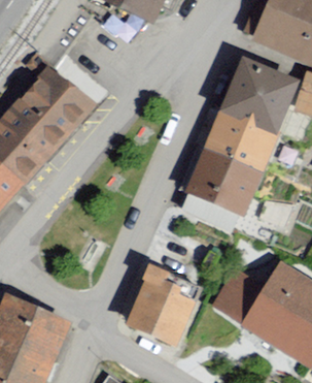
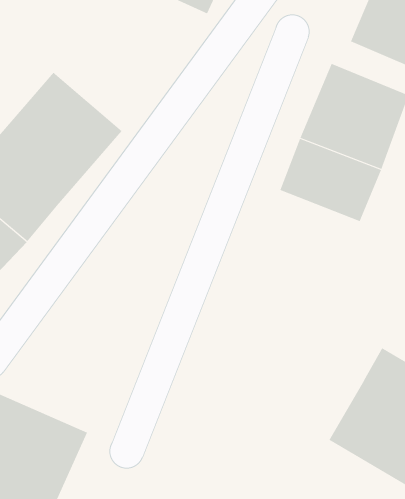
building: [187,147,264,215] -> none
building: [127,262,196,343] -> none
building: [212,268,266,325] -> none

